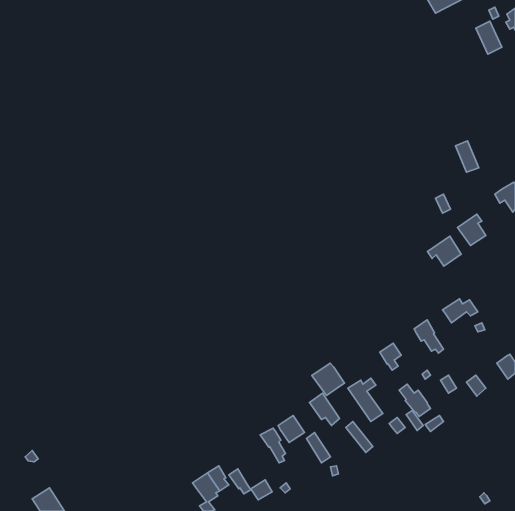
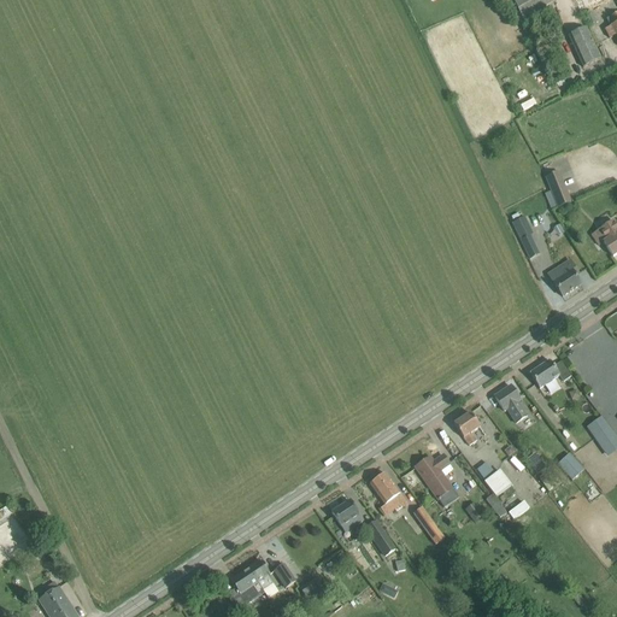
building: [428,236,461,266] -> none
building: [312,363,344,396] -> none
building: [260,428,286,463] -> none

